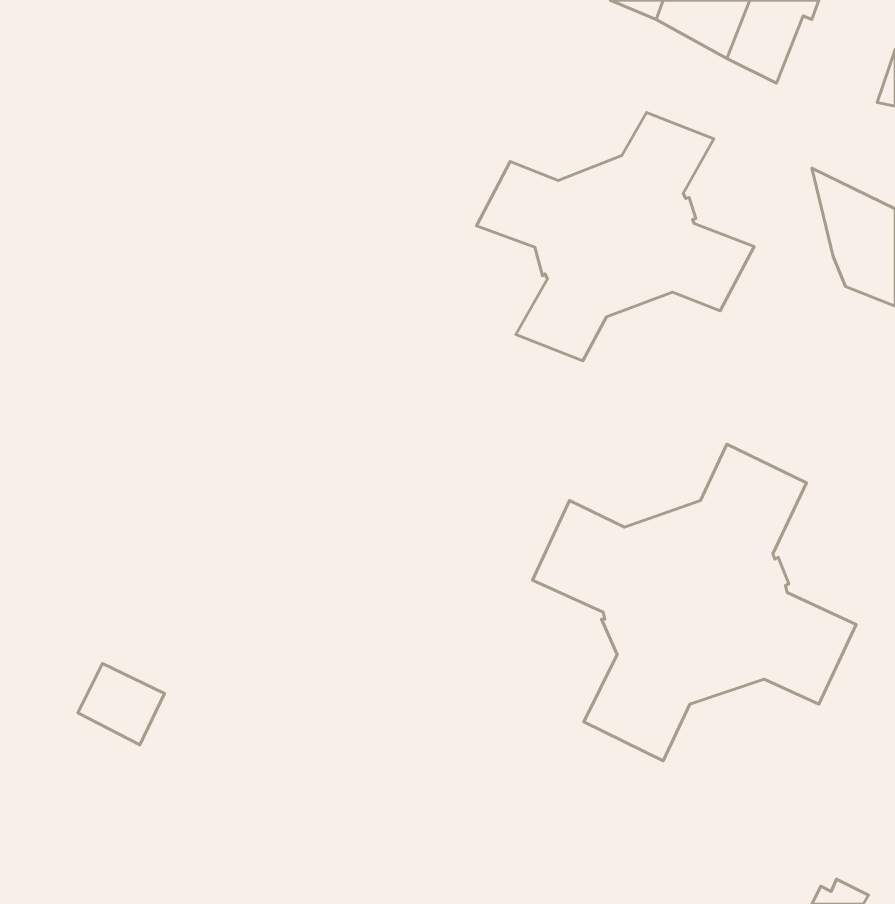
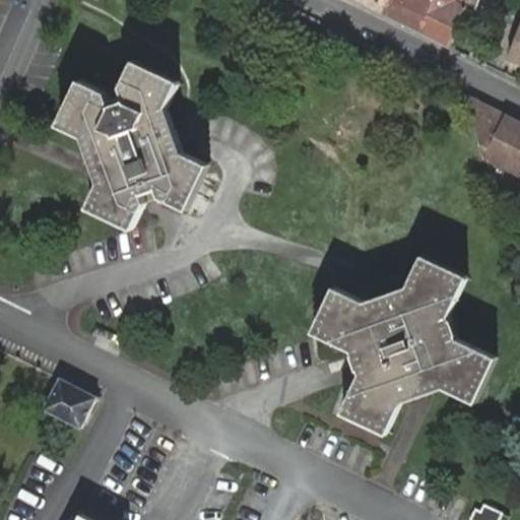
building: none -> [58,61,209,231]
building: [476,112,754,361] -> none

